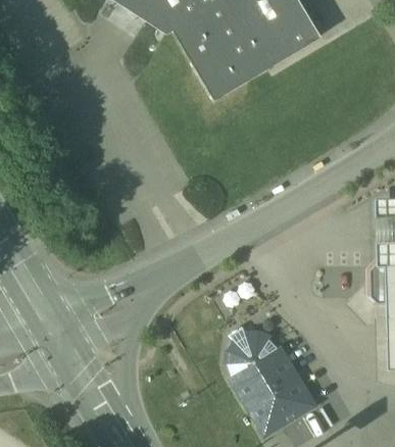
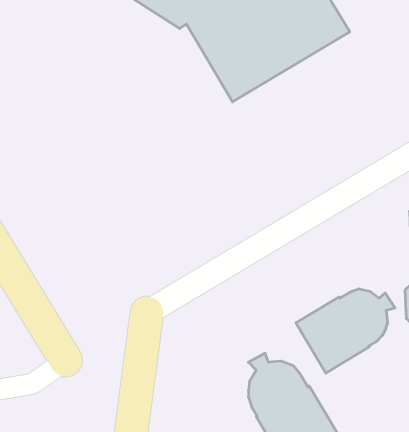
building: none -> [296,289,395,373]

